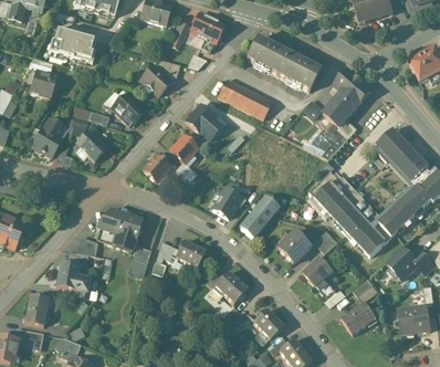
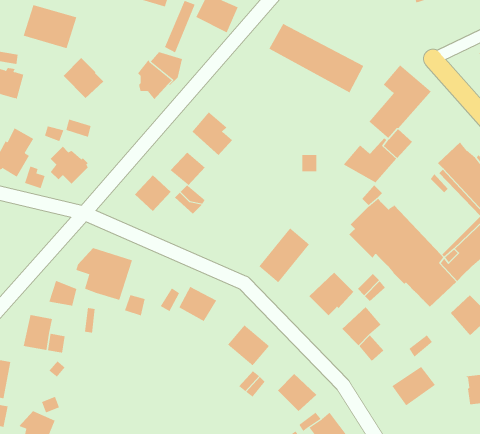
building: [217,78,272,119] -> none
building: [111,93,143,125] -> [63,57,104,99]
building: [211,189,240,219] -> none

